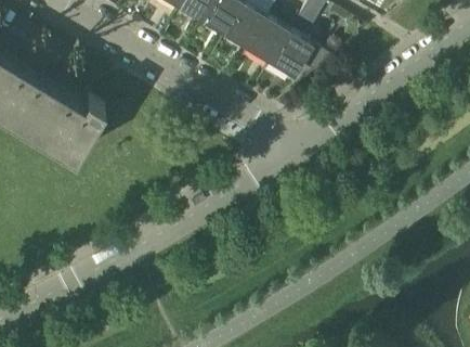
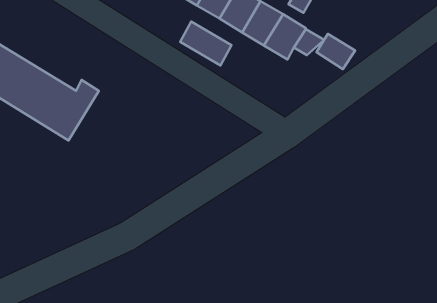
building: none -> [180,21,232,66]
building: none -> [316,34,355,69]

